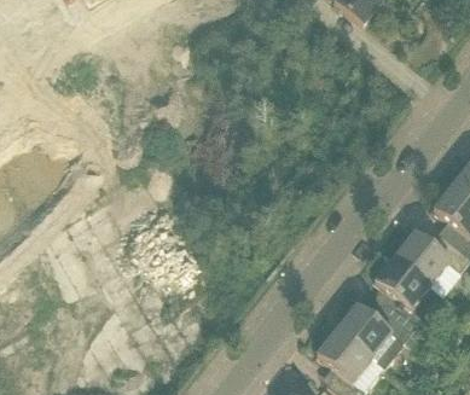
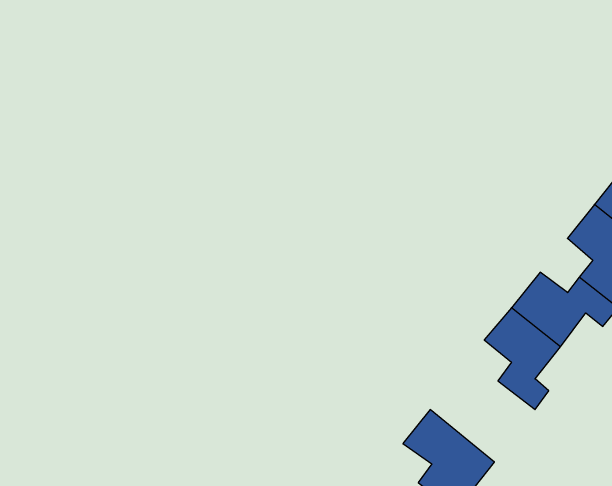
building: [336,303,422,367] -> none

